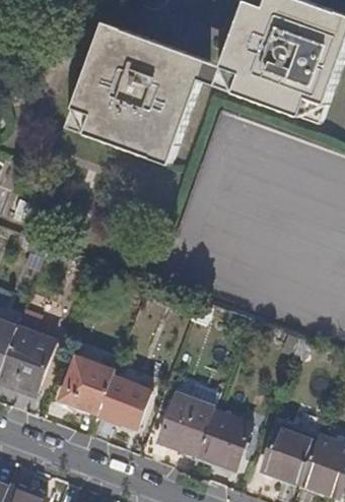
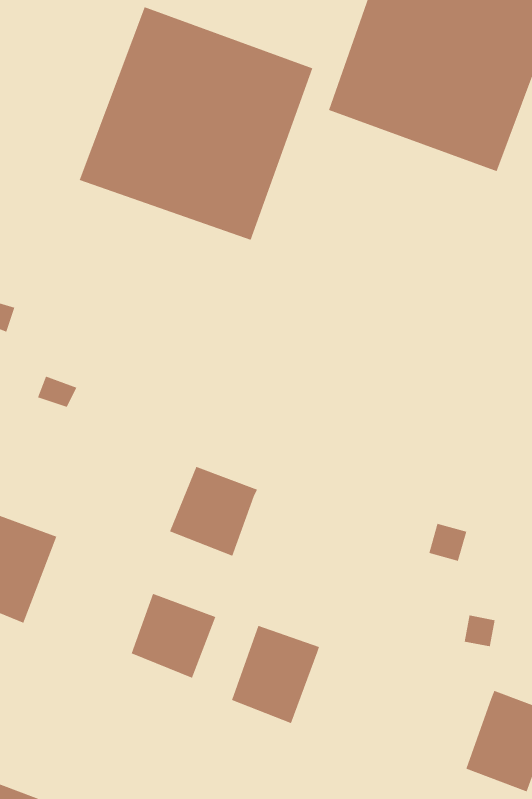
building: [59,358,113,413] -> [169,466,258,557]
building: [195,412,248,469] -> none
building: [263,426,316,483] -> none

